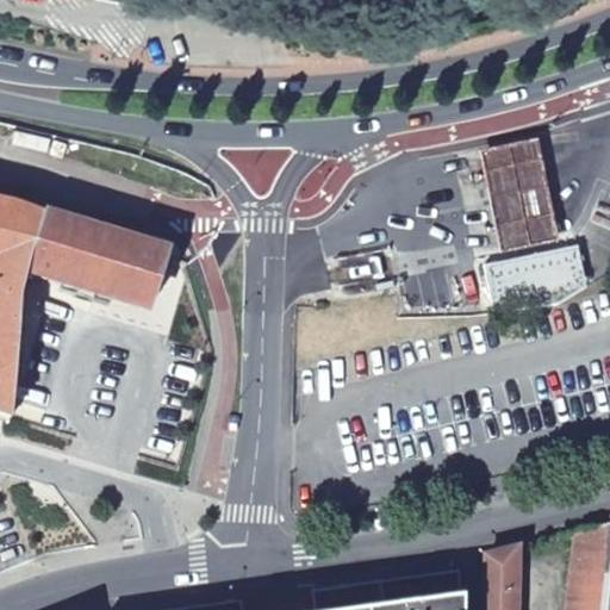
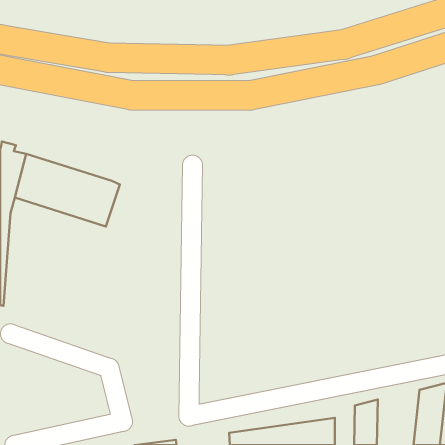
building: [481,141,560,254] -> none
building: [486,245,587,312] -> none

